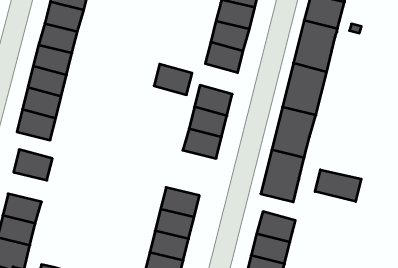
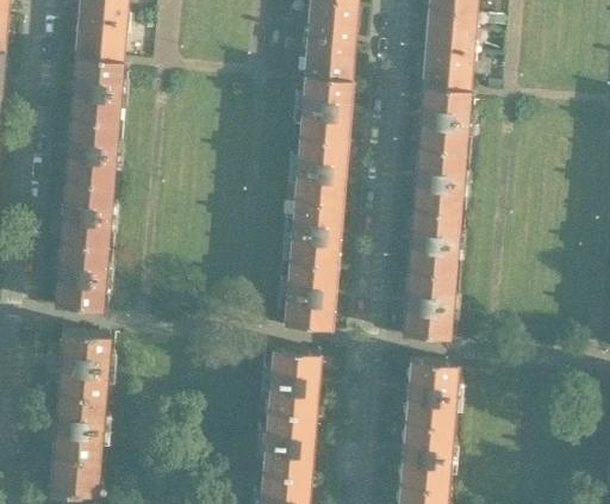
building: [154,64,192,95] -> [295,173,344,209]
building: none -> [285,297,335,332]
building: [315,170,361,202] -> none
building: none -> [58,366,108,400]

